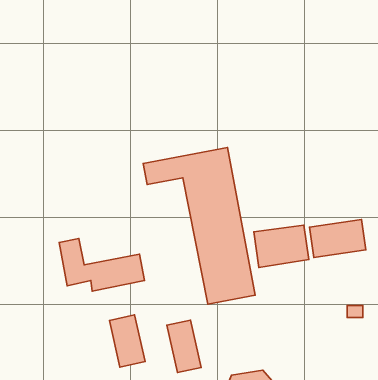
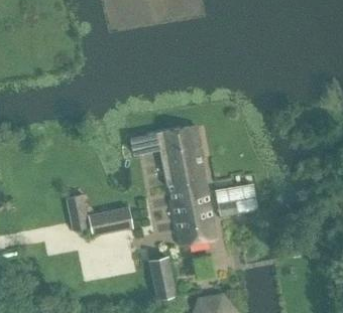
building: [309,220,366,257] -> none
building: [109,315,145,367] -> none

